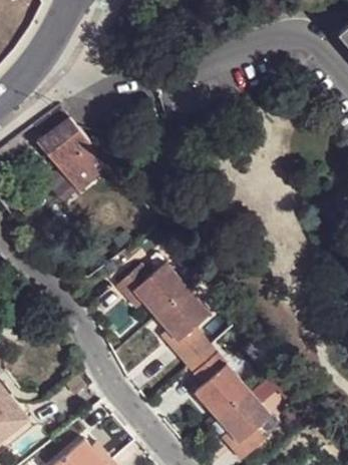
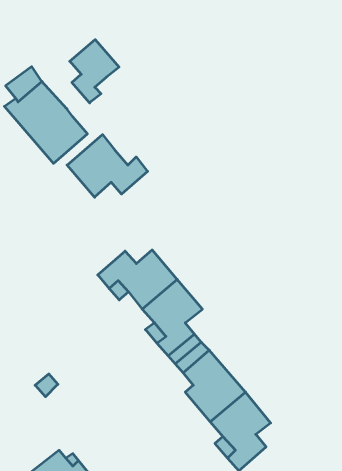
building: none -> [70,40,119,103]
building: none -> [67,135,148,197]

